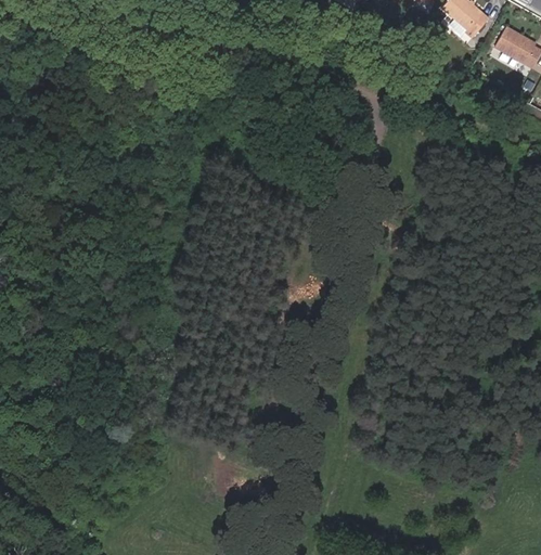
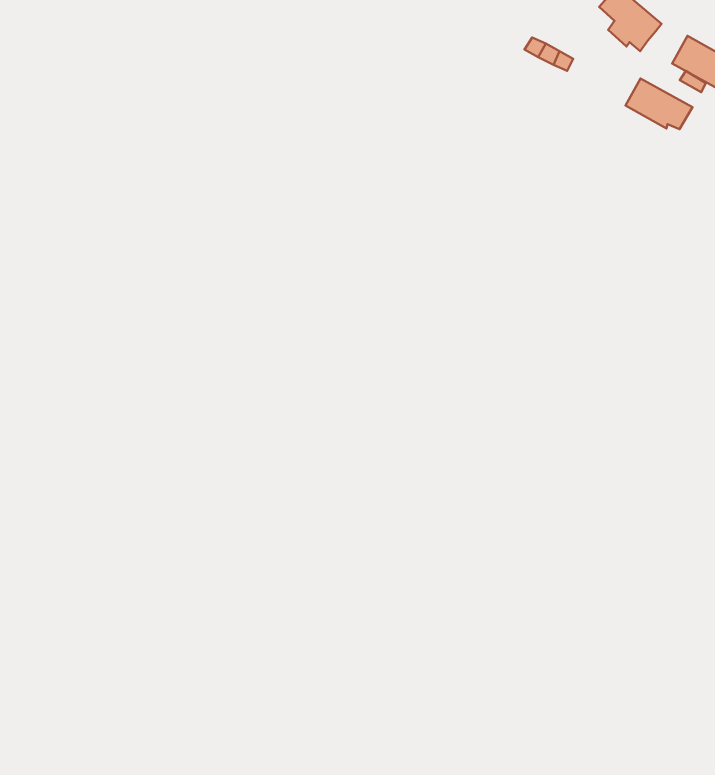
building: none -> [625,78,692,129]

